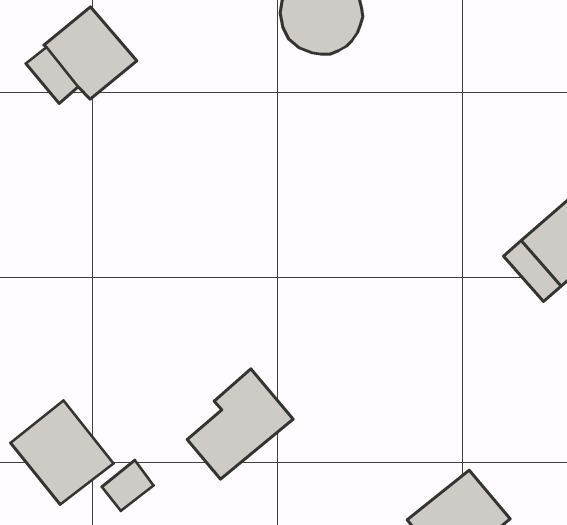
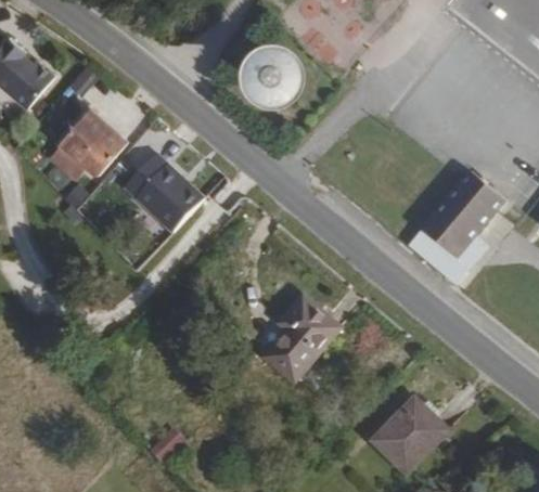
building: none -> [124,152,204,231]
building: [187,369,293,479] -> [260,297,334,379]
building: [10,401,113,504] -> none

